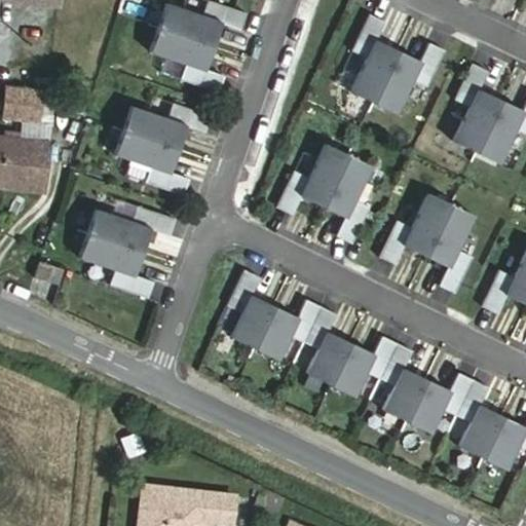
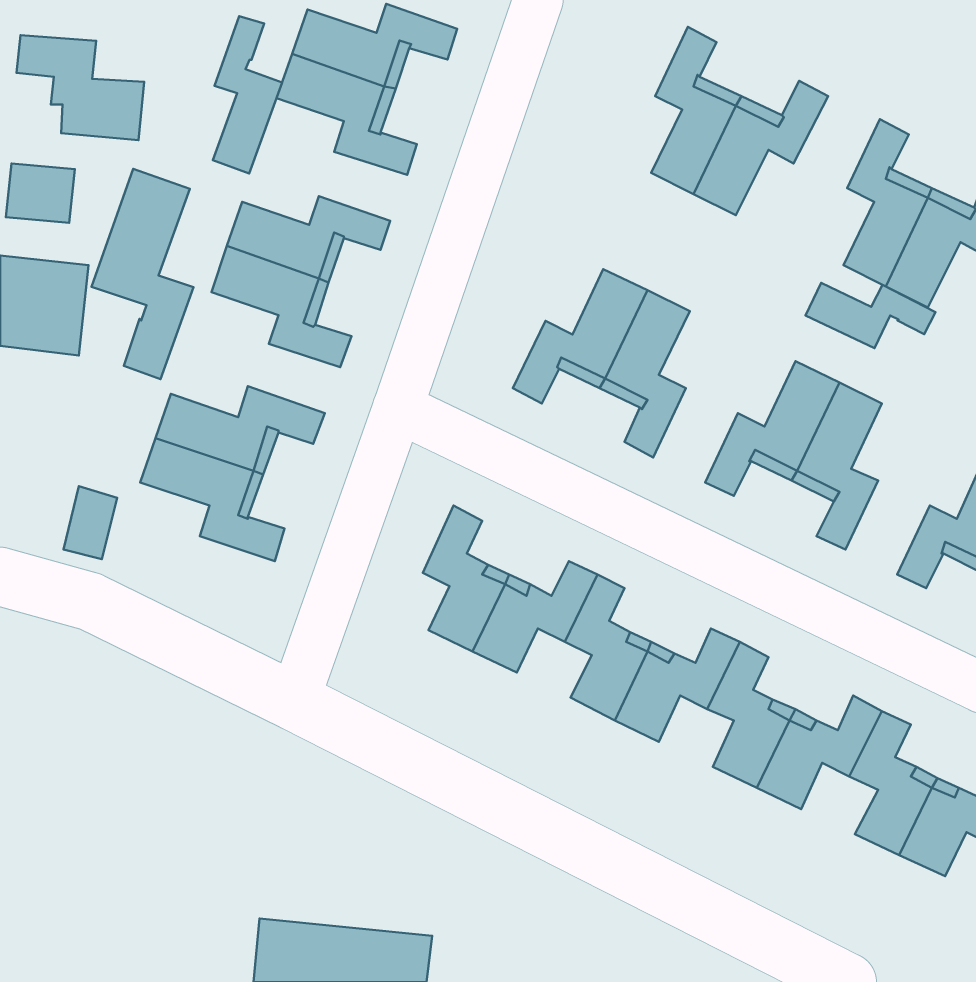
building: none -> [213,16,282,174]
building: none -> [17,35,144,140]
building: none -> [92,169,194,379]
building: none -> [806,283,936,348]

